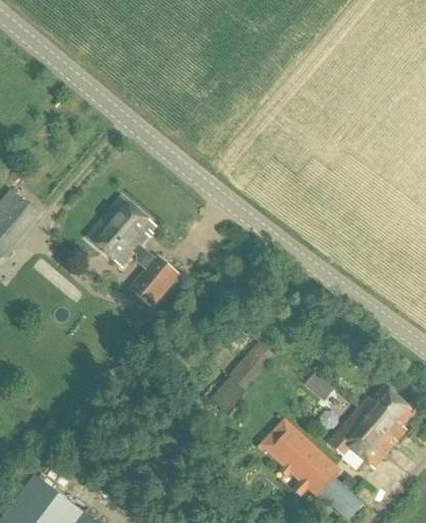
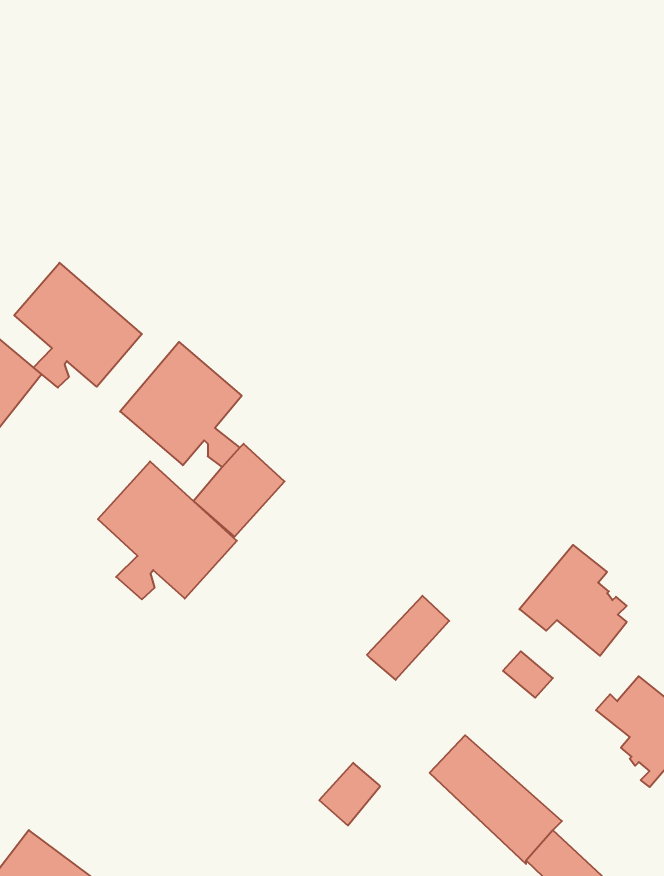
building: none -> [14,263,142,388]
building: none -> [98,461,237,599]
building: [209,377,244,413] -> [319,763,380,825]
building: [327,407,388,470] -> [519,545,627,656]

